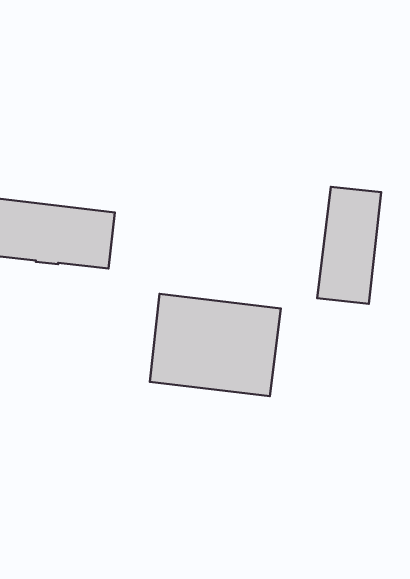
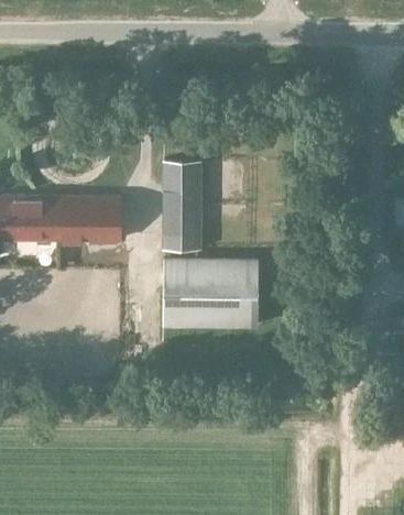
building: [317,187,381,304] -> [162,163,203,251]

